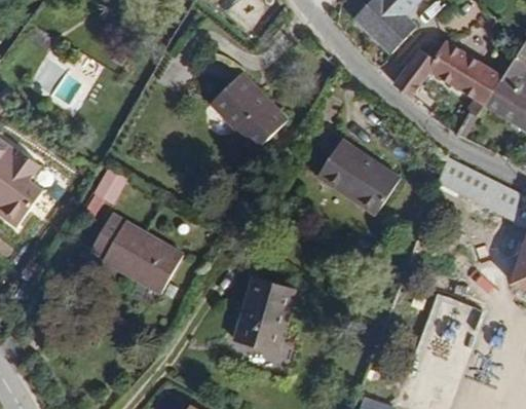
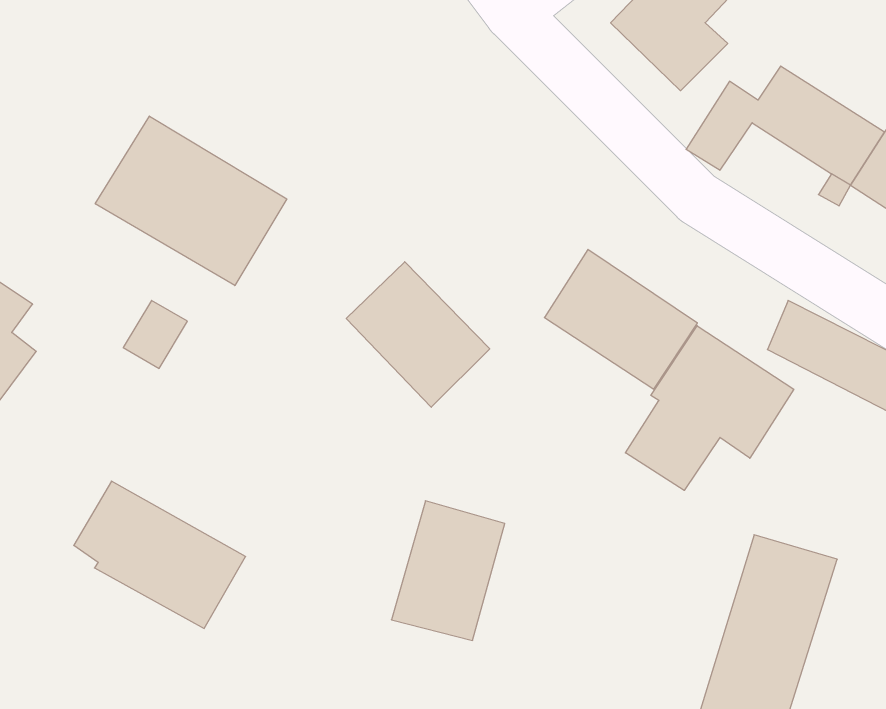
building: none -> [95,116,287,286]
building: [211,71,289,150] -> [346,262,490,407]
building: none -> [625,326,794,490]
building: [90,213,184,293] -> [74,481,246,628]

